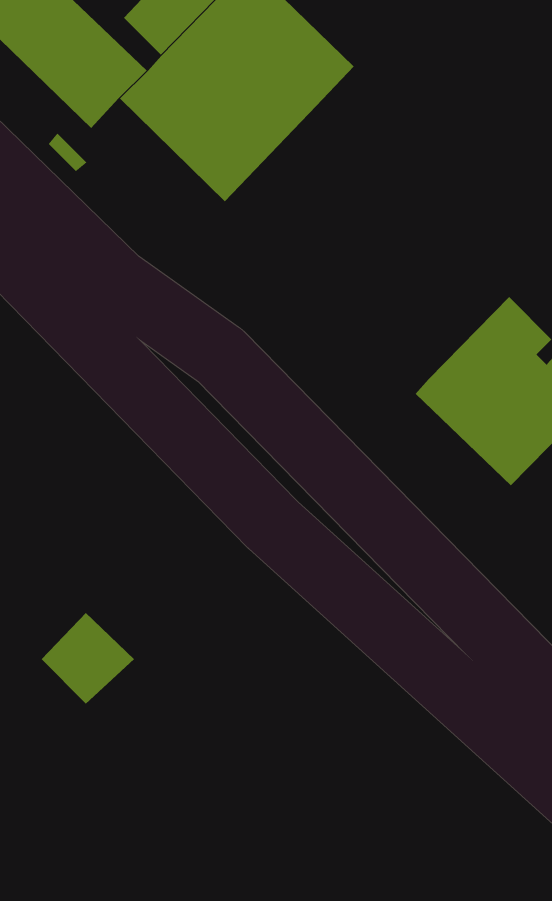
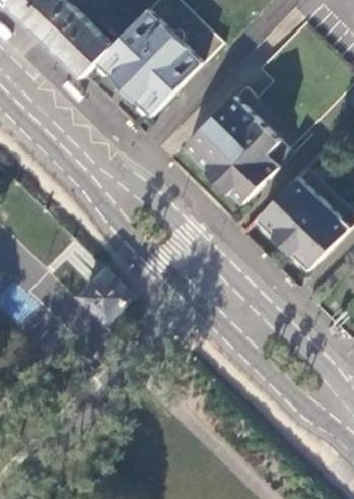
building: none -> [184,96,292,203]
building: [41,612,135,704] -> [80,268,131,318]

